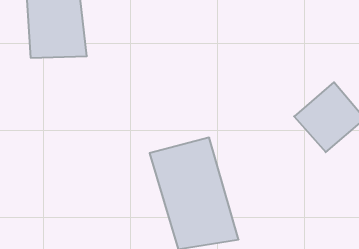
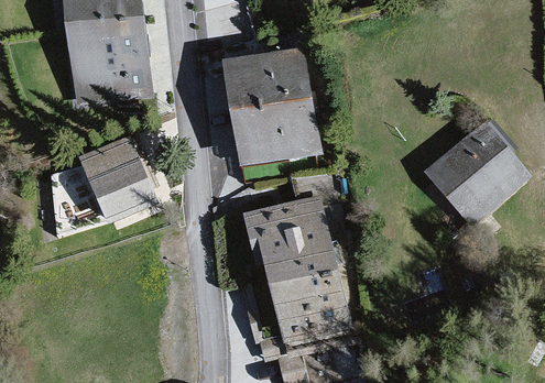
building: none -> [224,46,326,169]
building: none -> [80,143,155,223]

